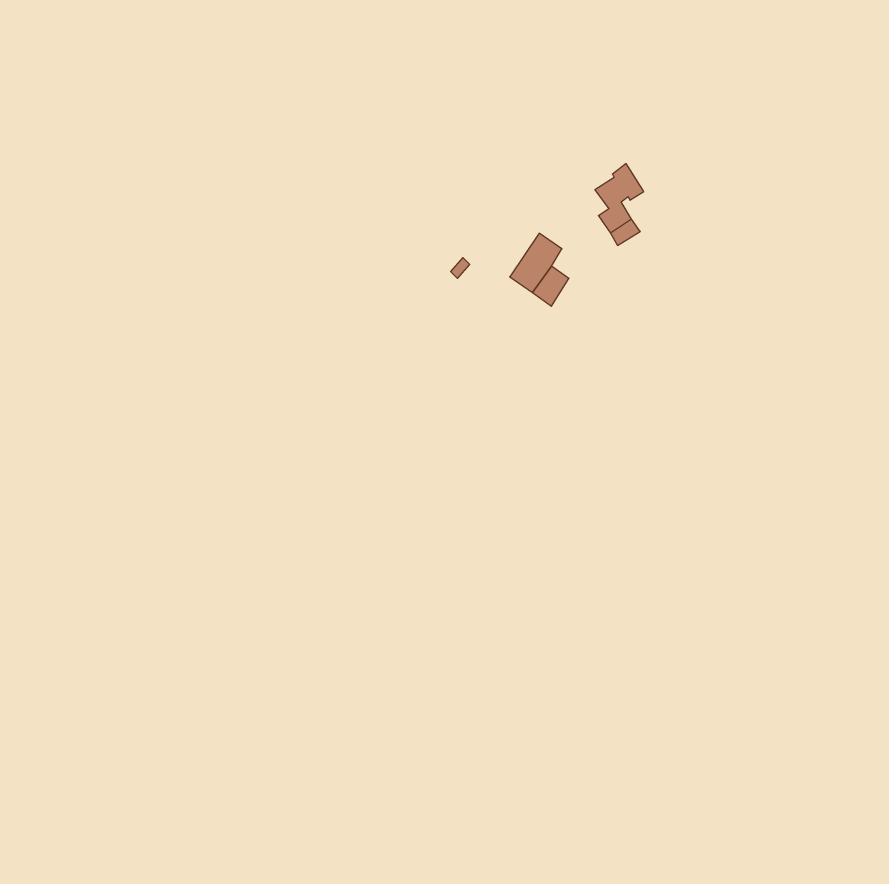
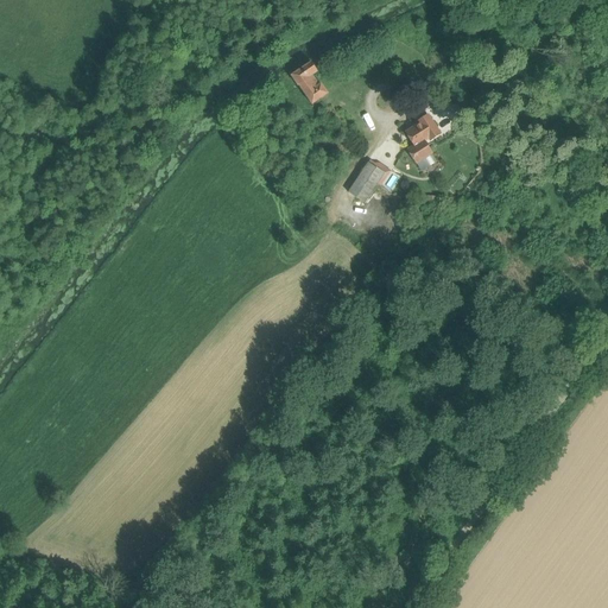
building: none -> [291,58,327,101]

